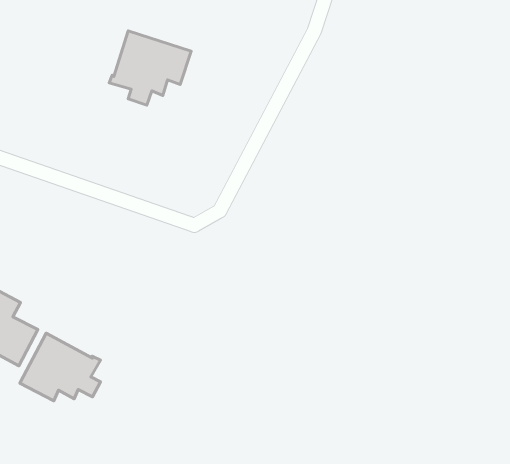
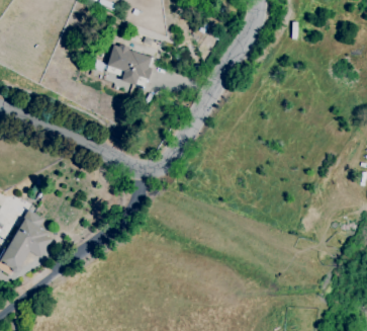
building: [20,333,101,401] -> none

